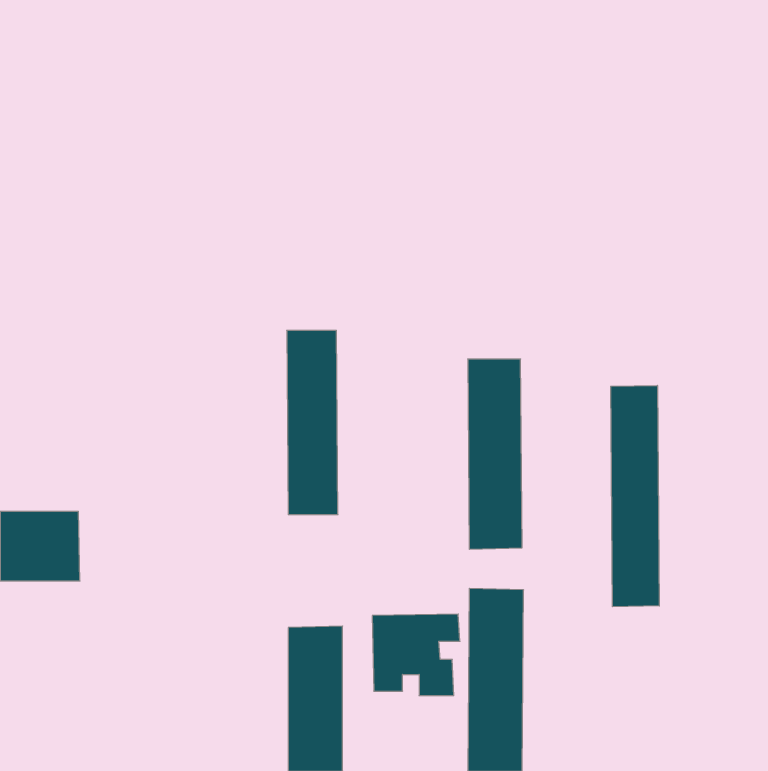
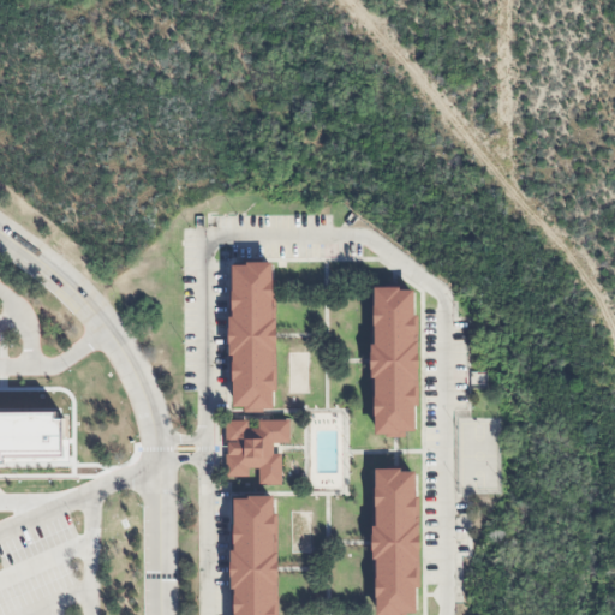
building: [611,385,659,607] -> none
building: [372,614,460,696] -> [222,420,292,485]

